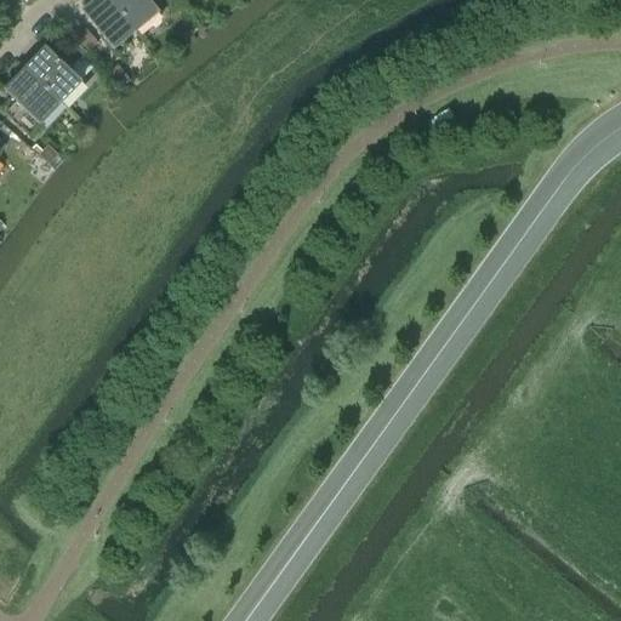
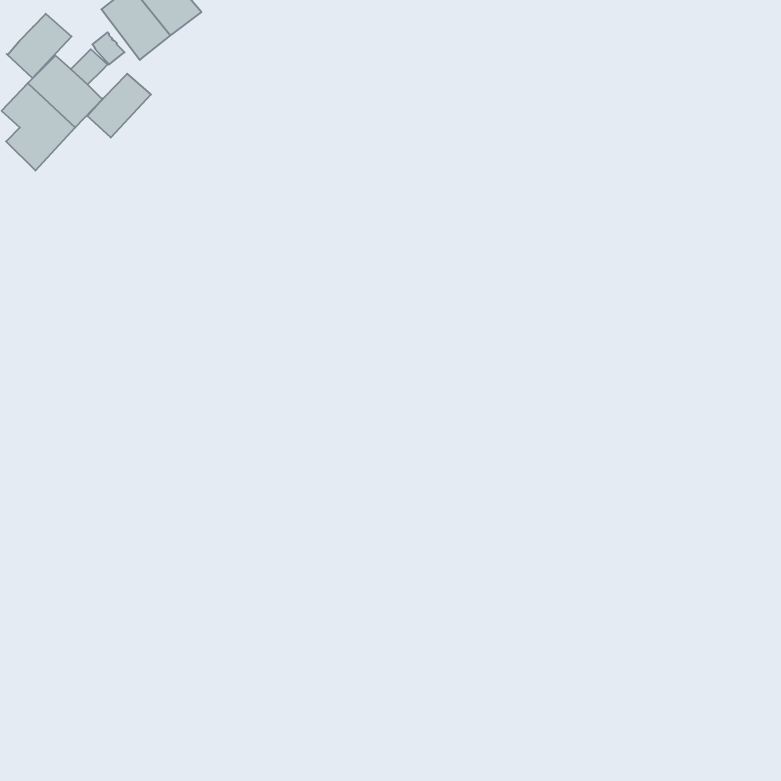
building: none -> [7,14,72,78]
building: none -> [87,74,151,138]

